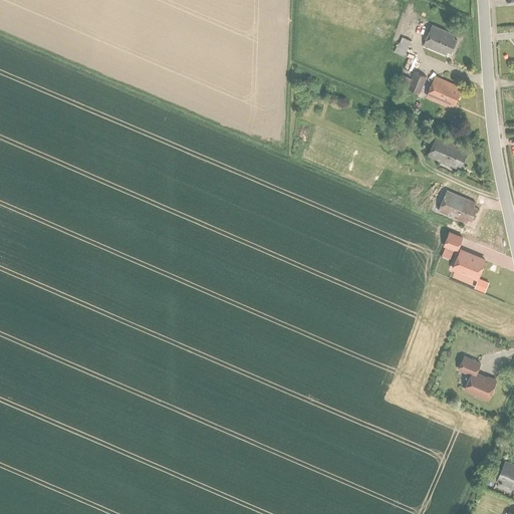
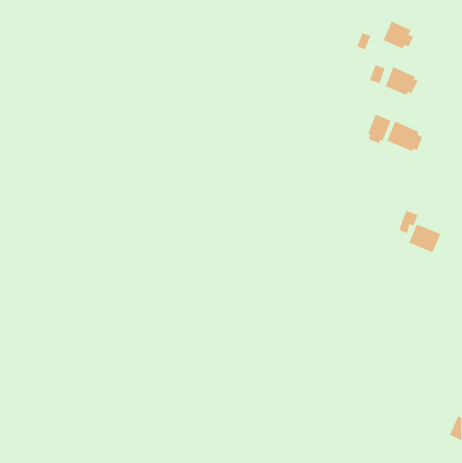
building: none -> [368,114,391,144]
building: [438,190,477,220] -> none
building: [458,357,496,402] -> none

